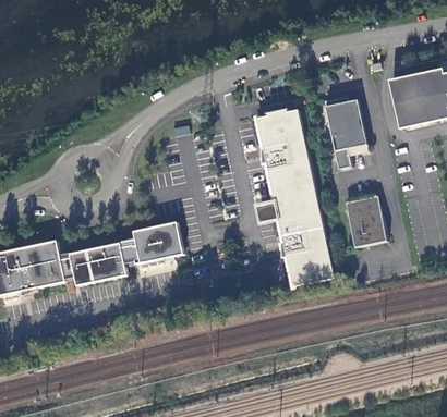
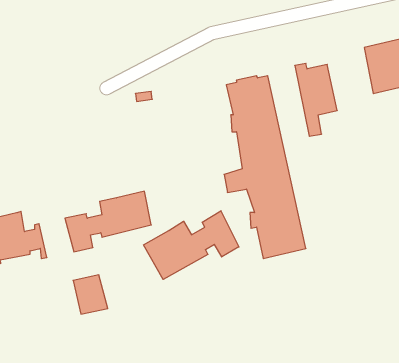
building: [345,194,386,246] -> none
building: none -> [144,211,239,279]
building: [74,247,108,285] -> [73,275,108,314]

